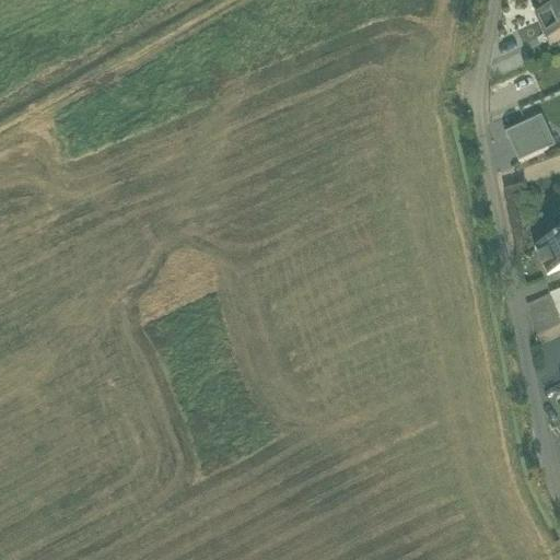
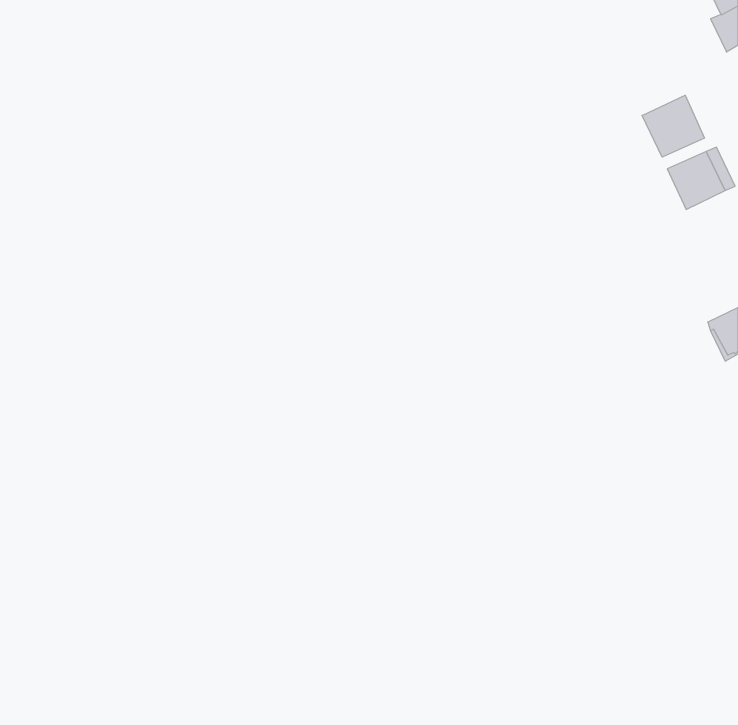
building: none -> [642,95,704,157]

